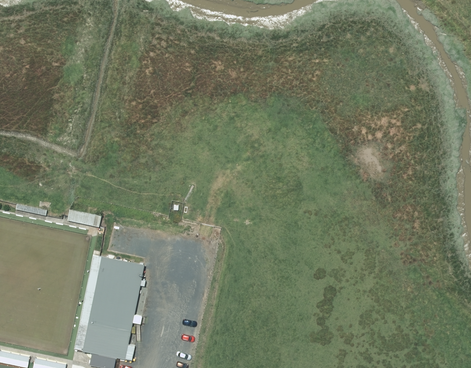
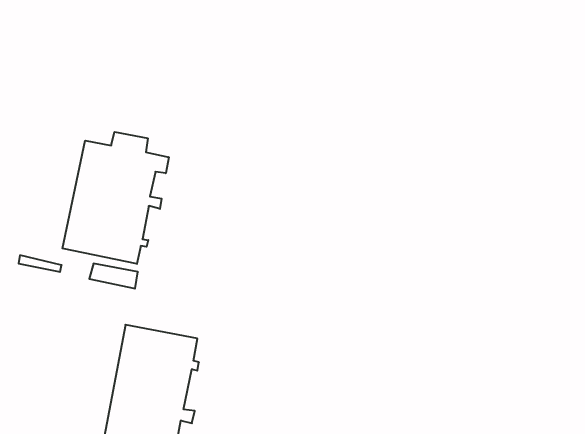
building: none -> [62,132,169,264]

